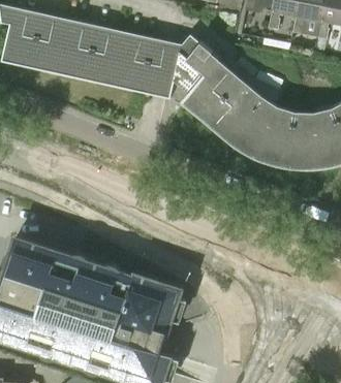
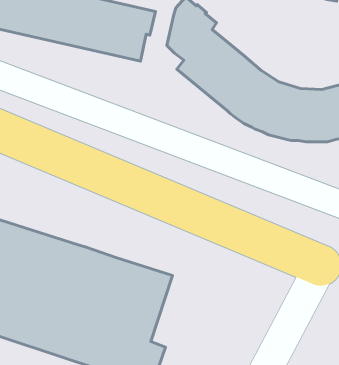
building: [149,47,188,100] -> none

